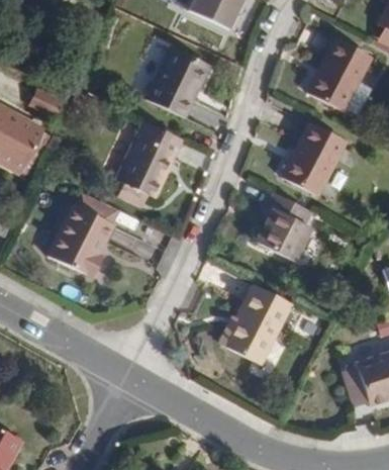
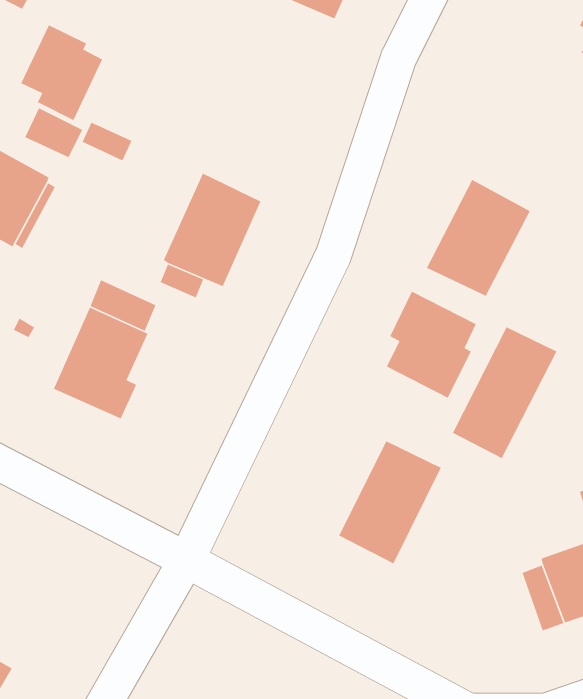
building: none -> [20,24,103,121]
building: [306,38,374,114] -> none
building: [145,45,207,116] -> none
building: none -> [452,326,558,459]

